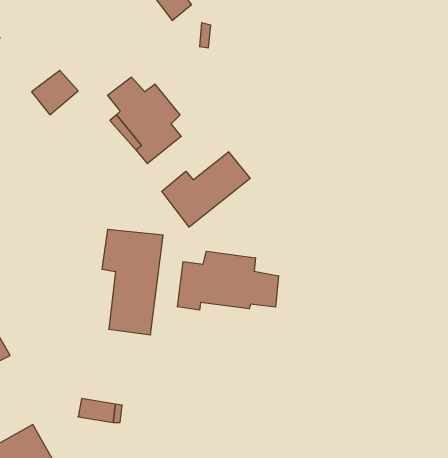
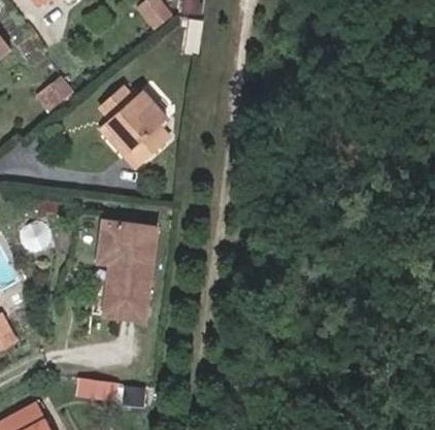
building: [162,152,250,227] -> none
building: [178,251,279,310] -> none

